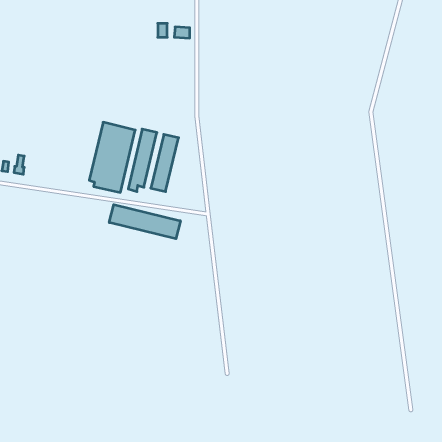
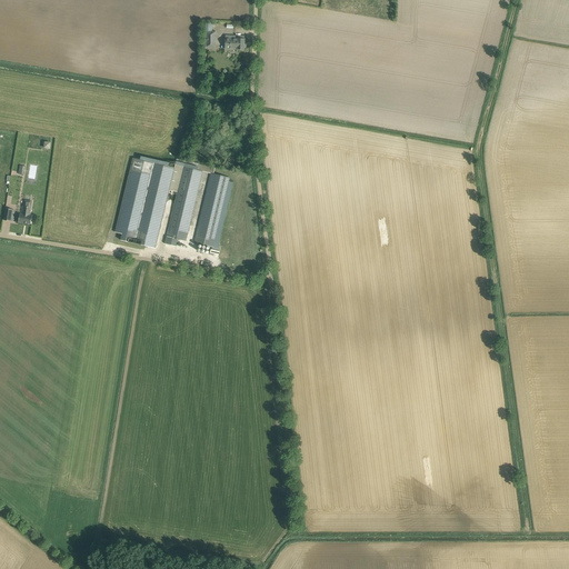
building: [109,205,180,239] -> none

